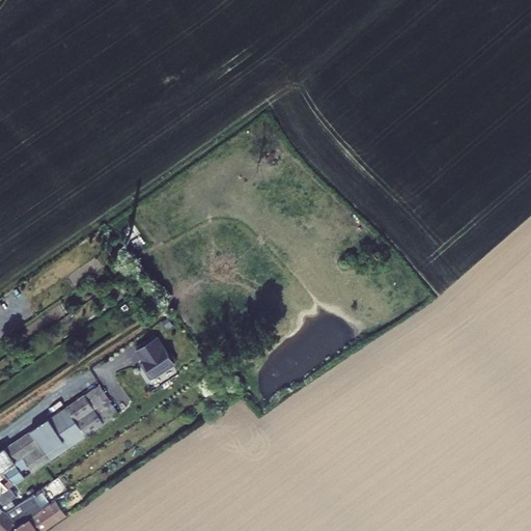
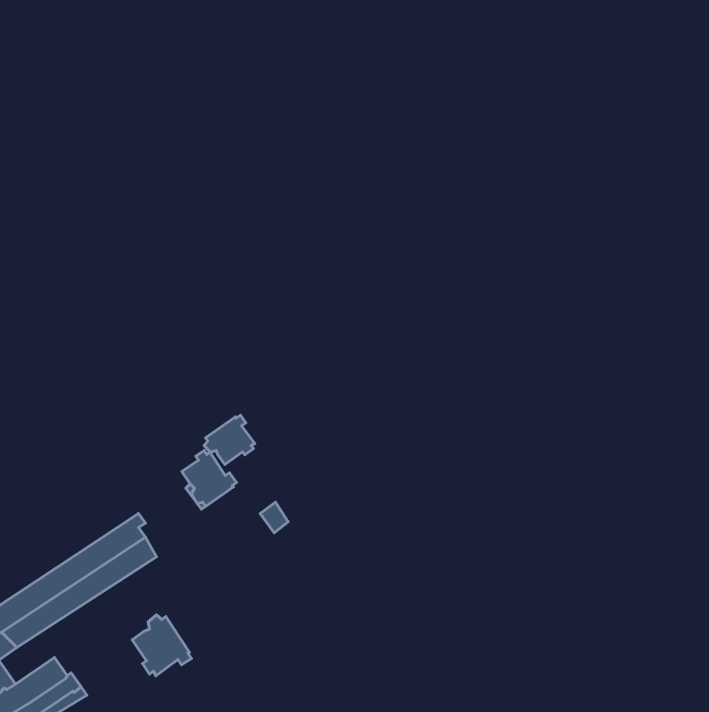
building: none -> [204,415,255,464]
building: none -> [132,615,191,676]

